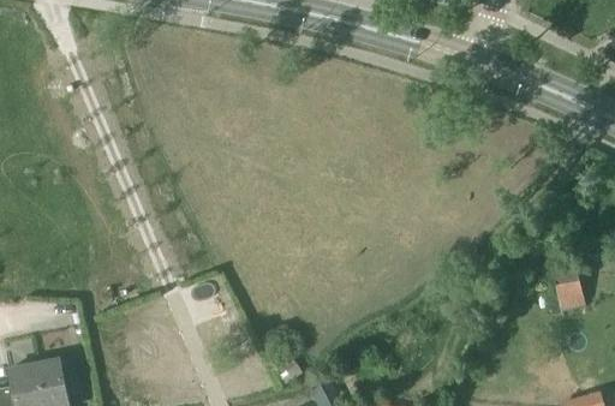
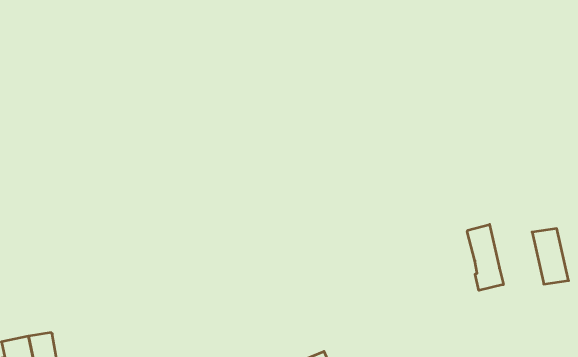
building: none -> [467,224,503,290]

